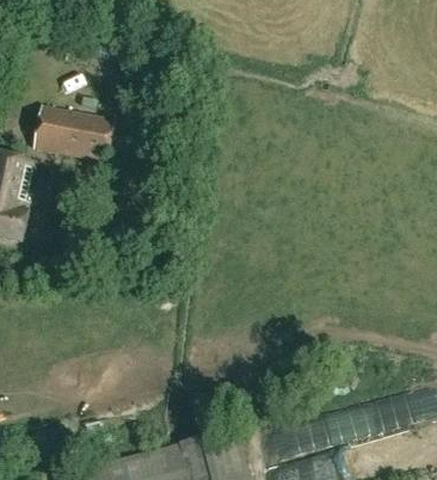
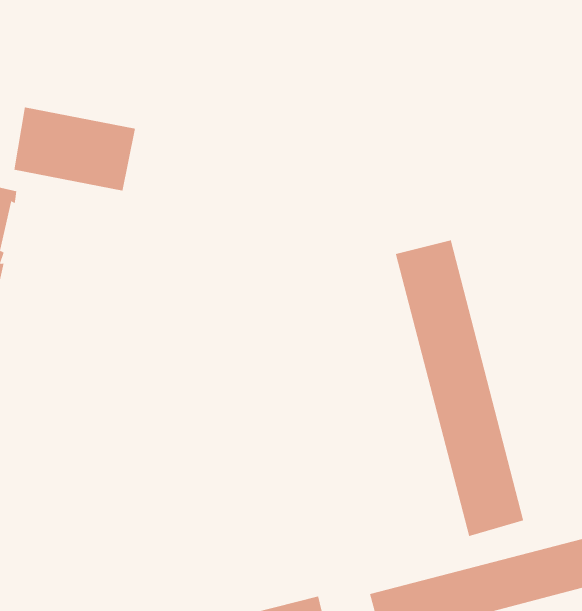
building: none -> [395,239,524,537]

